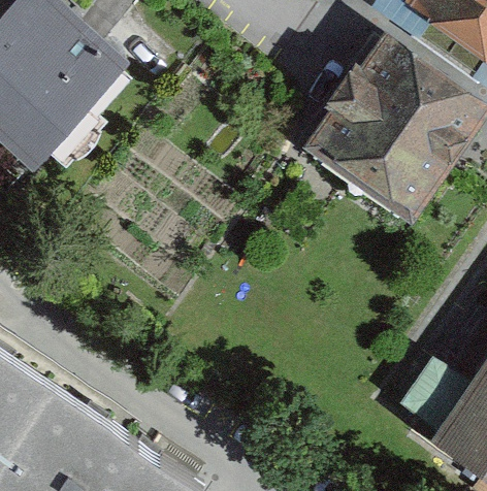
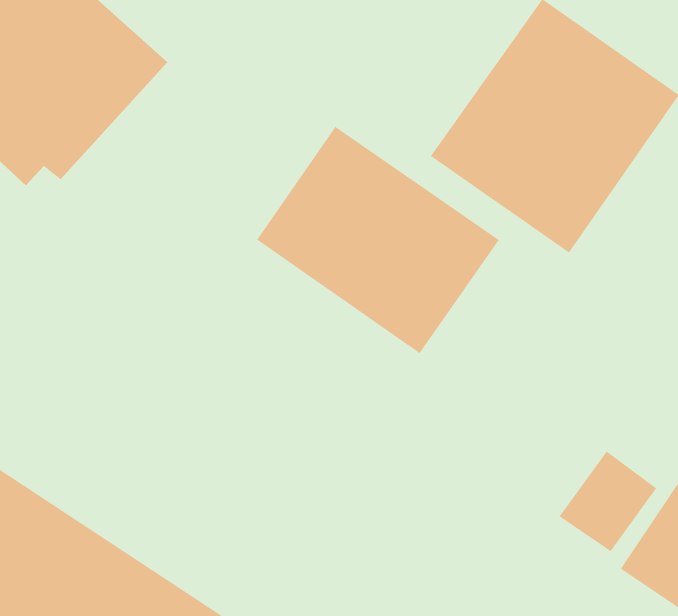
building: none -> [256,126,500,354]

